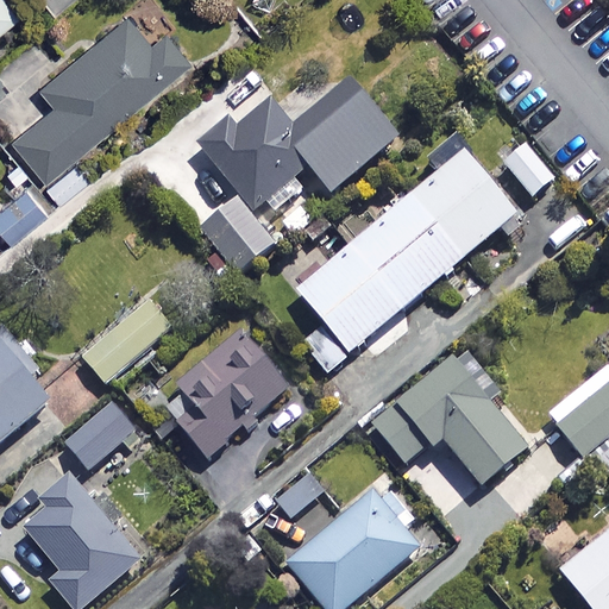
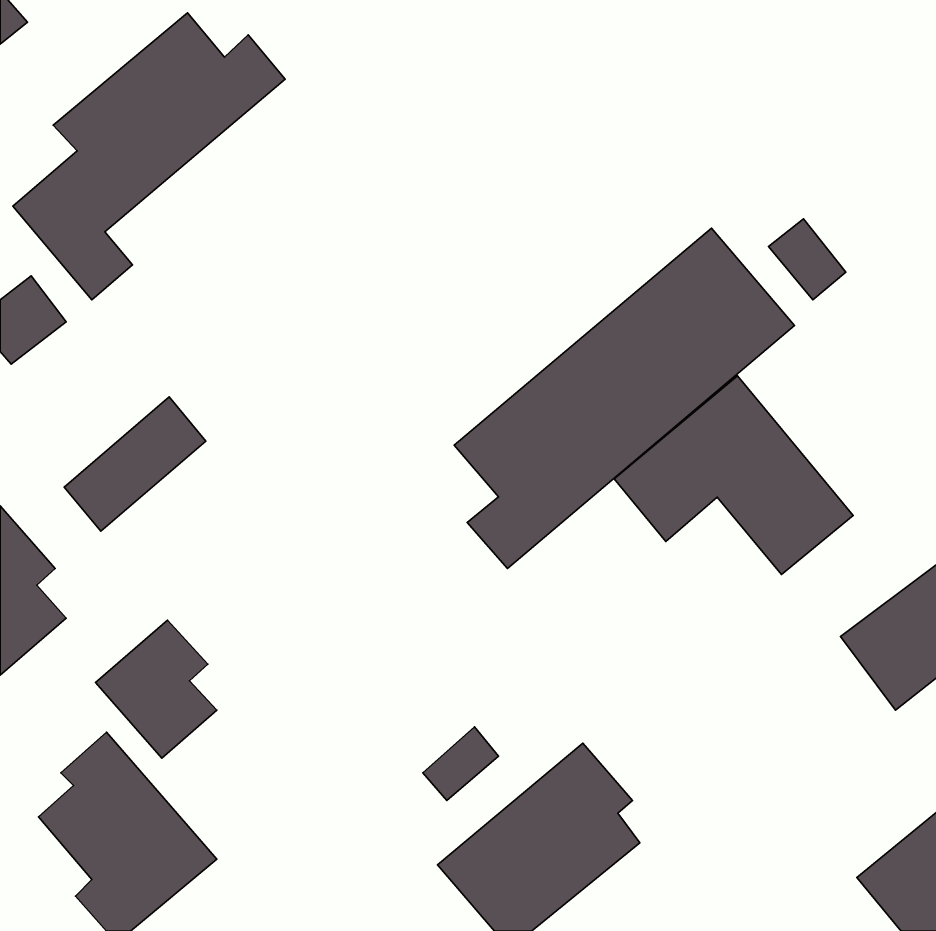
building: [196,80,395,275] -> none
building: [81,296,172,383] -> [64,397,206,531]
building: [178,331,289,456] -> none
building: [373,354,528,483] -> [614,376,853,574]

